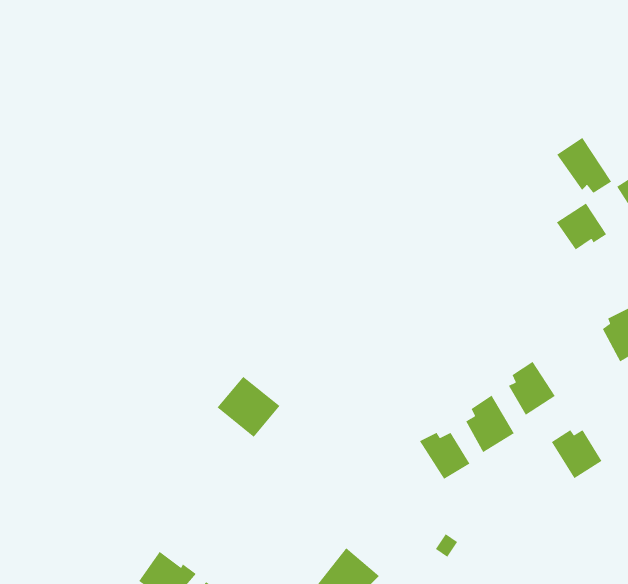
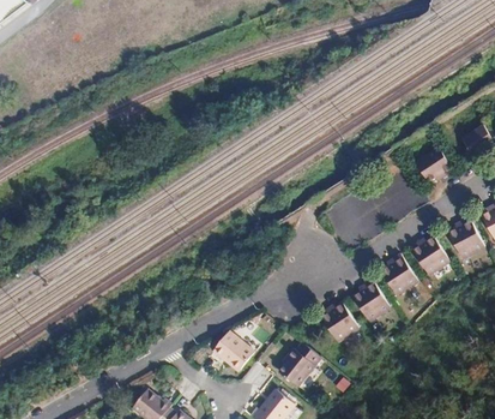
building: [556,137,612,194] -> none
building: [216,376,280,438] -> [211,330,254,372]
building: [551,429,602,479] -> [410,244,445,277]
building: none -> [279,341,321,387]

